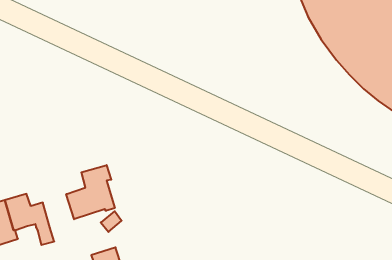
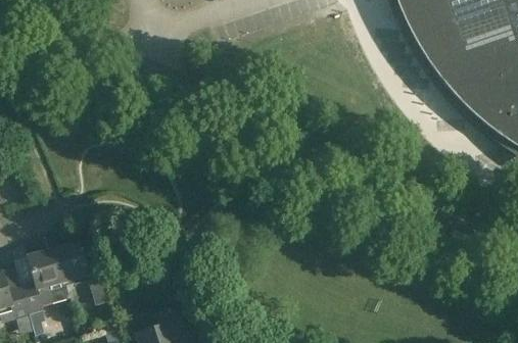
building: [66,165,115,219] -> none

